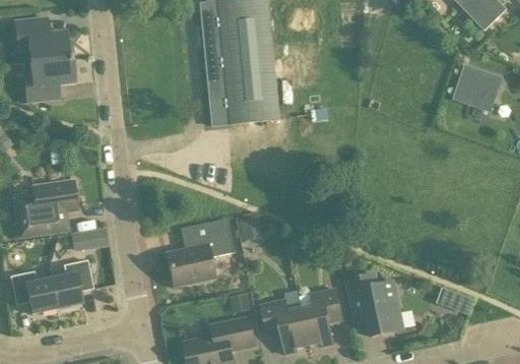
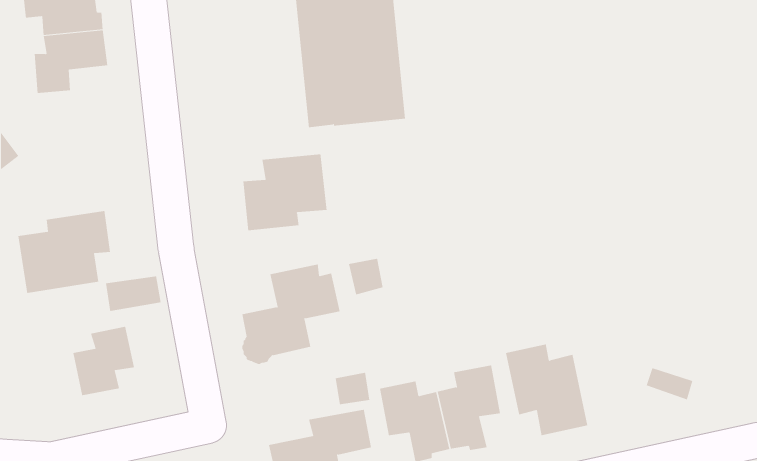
building: [454,66,501,111] -> none
building: none -> [243,153,327,231]
building: [9,271,56,314] -> none

